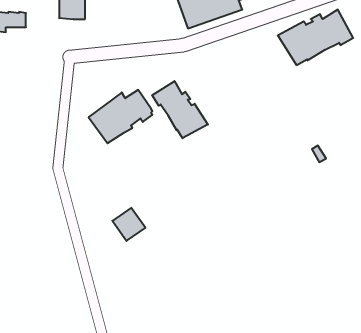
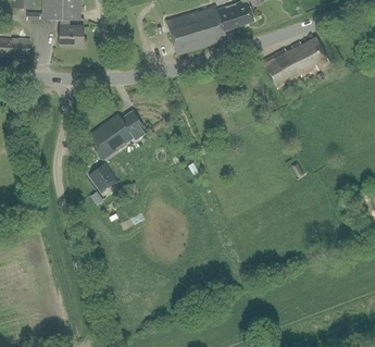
building: [152,81,208,138] -> none
building: [112,208,145,241] -> [89,162,120,193]

